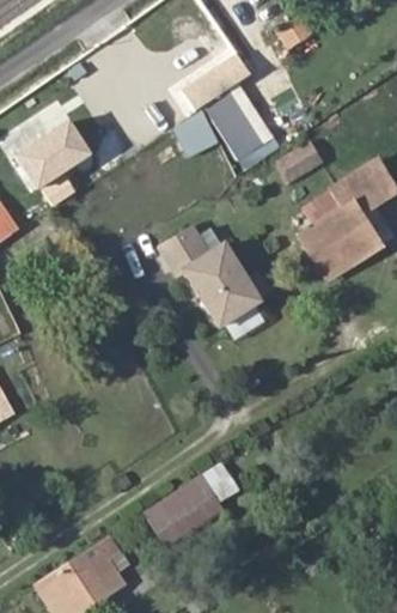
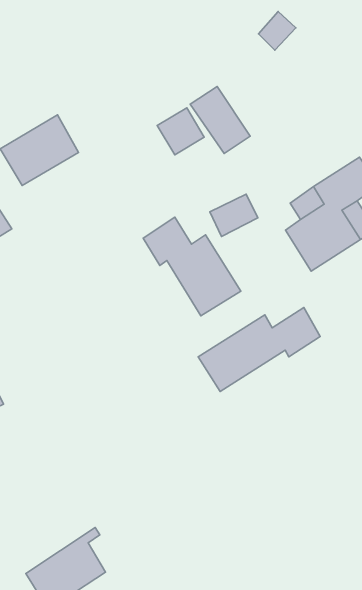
building: [182,50,251,110] -> none
building: [276,139,325,182] -> [210,194,258,237]
building: none -> [198,308,320,391]
building: [146,478,220,545] -> none

